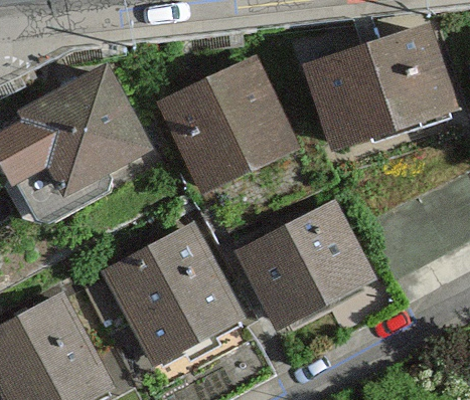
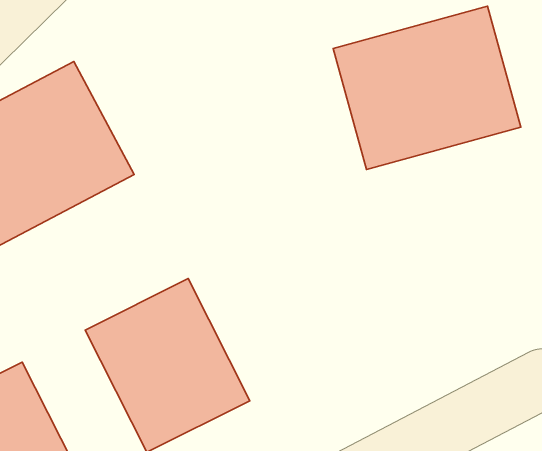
building: [156,56,294,191] -> none
building: [245,203,372,328] -> none

